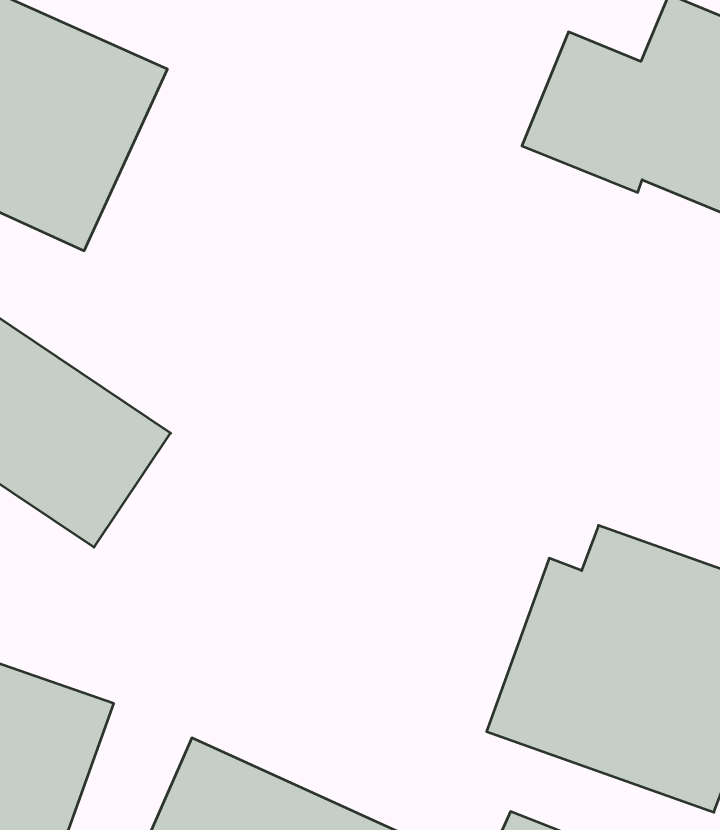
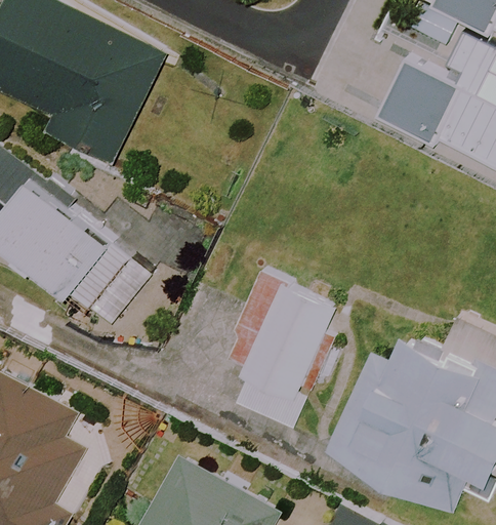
building: none -> [220,268,344,428]

